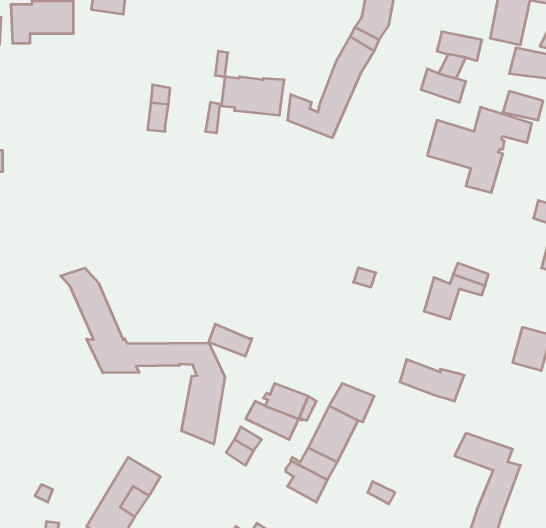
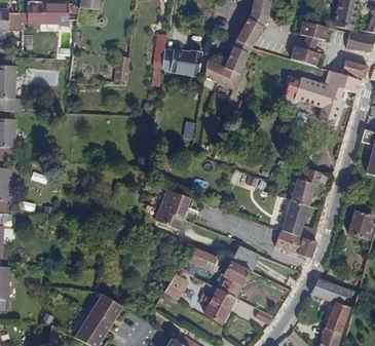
building: [61,268,225,444] -> none
building: none -> [157,189,188,218]
building: none -> [280,199,316,240]

